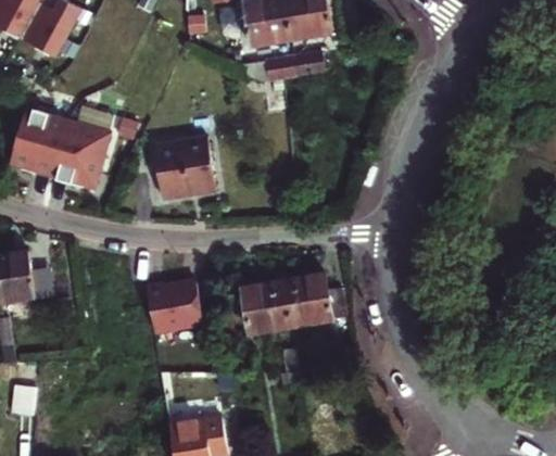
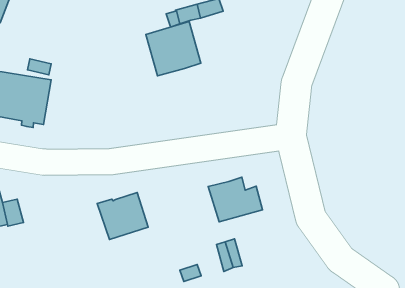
building: [151,136,214,198] -> [146,21,201,76]
building: [242,281,291,333] -> none

